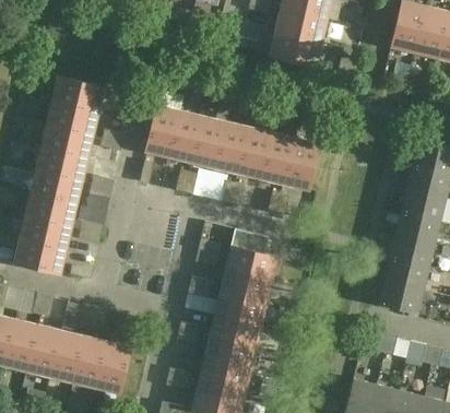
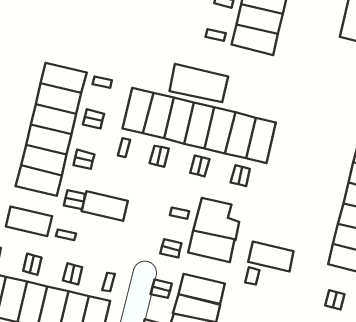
building: none -> [170,64,228,102]
building: [19,216,71,250] -> [82,191,128,221]
building: [214,292,265,326] -> [248,242,293,271]

